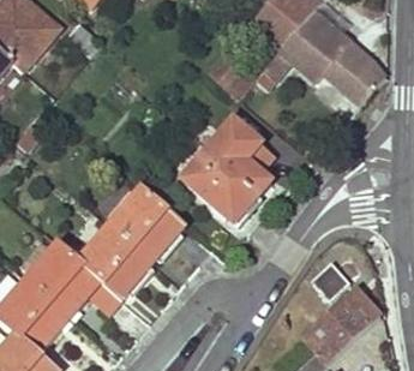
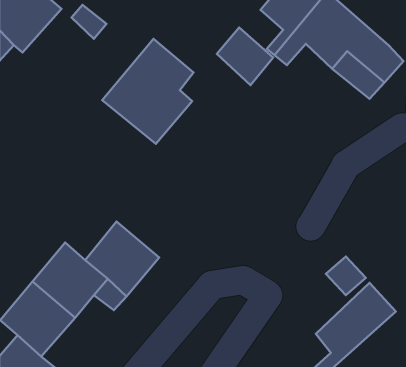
building: [184,121,271,222] -> [102,39,194,144]
building: [112,190,185,264] -> none

